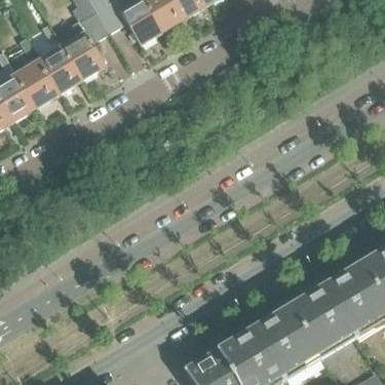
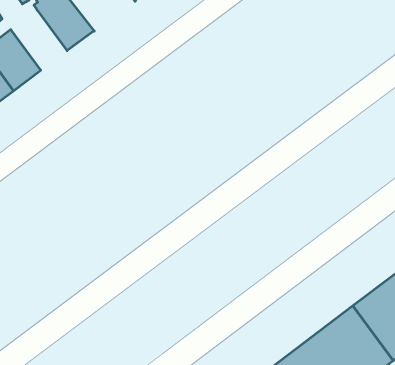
building: [39,44,82,92] -> none

